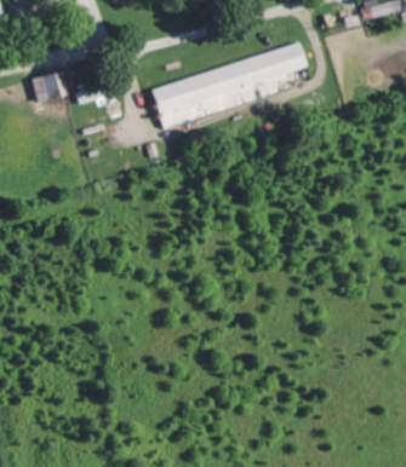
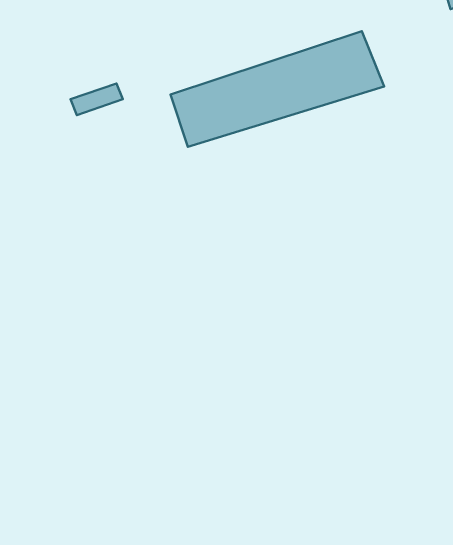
building: [28,70,67,102] -> none

